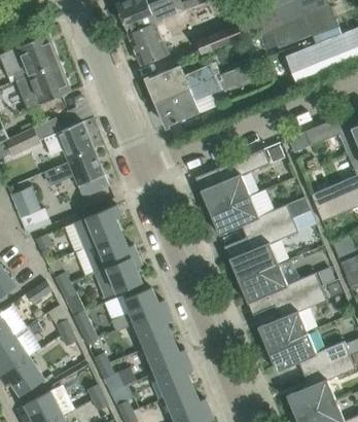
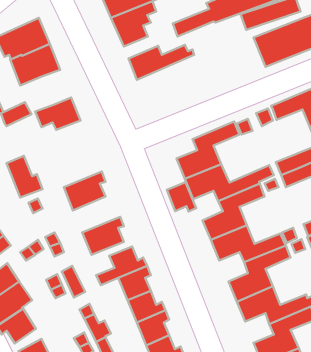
building: [155,66,247,126] -> none
building: [66,147,108,197] -> none
building: none -> [167,182,196,212]
building: [84,232,137,272] -> none

